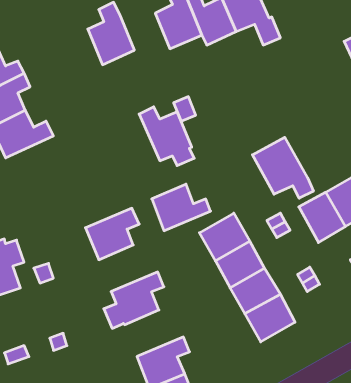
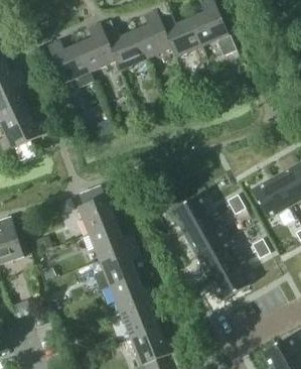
building: none -> [105,27,146,71]
building: [139,107,194,166] -> [47,39,93,88]
building: [252,137,313,198] -> none
building: [152,184,211,231] -> [88,221,136,259]
building: none -> [109,274,157,313]

